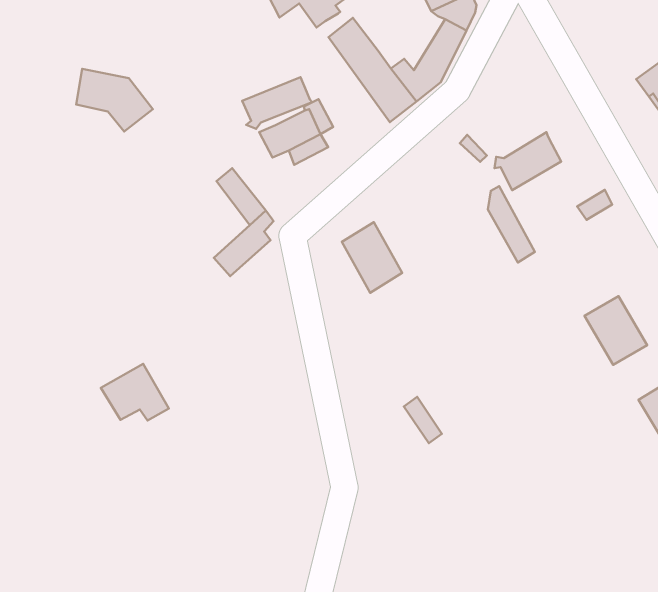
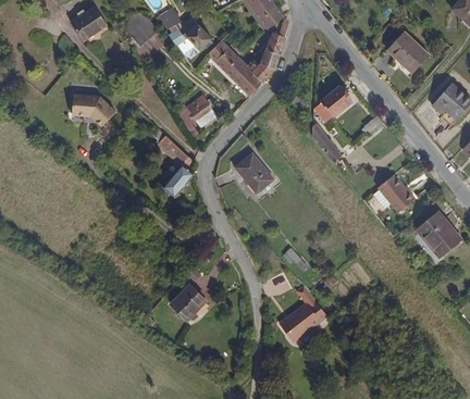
building: [242,77,312,129] -> none
building: [101,364,169,420] -> [168,282,208,315]
building: none -> [280,285,327,341]

